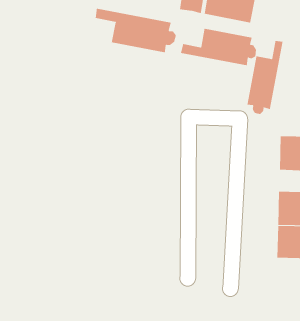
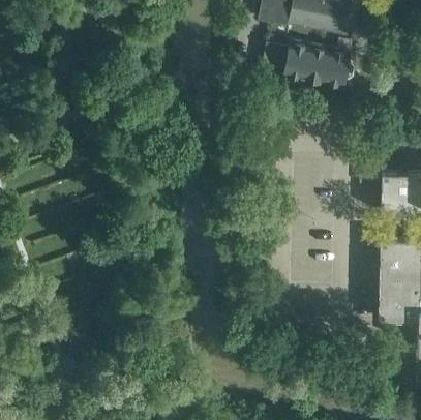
building: [95,8,176,53] -> none
building: [247,40,283,115] -> none

